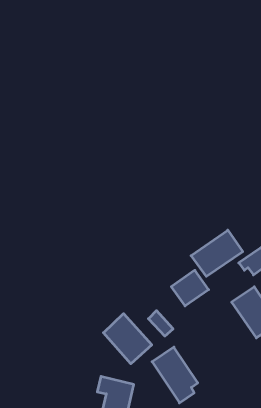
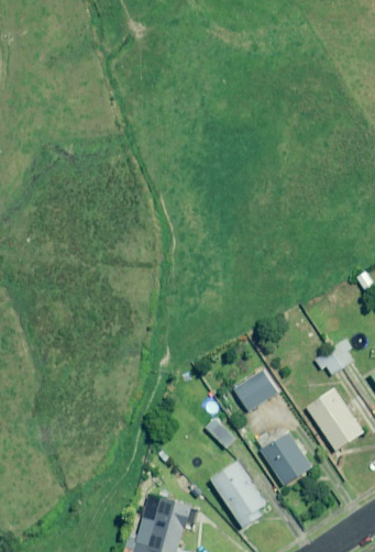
building: [191,230,243,276] -> none
building: [103,314,152,364] -> none
building: none -> [261,432,311,485]

